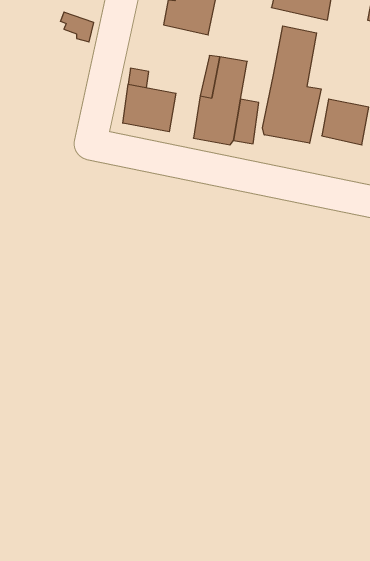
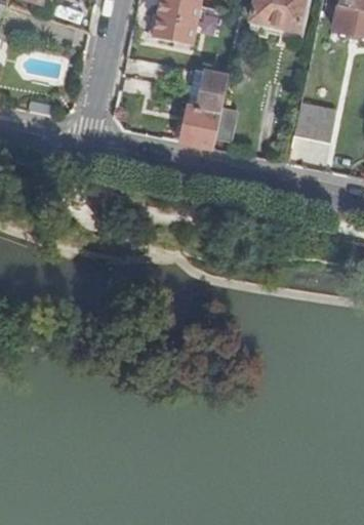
building: [262,26,321,143] -> none
building: [123,84,176,132] -> none

